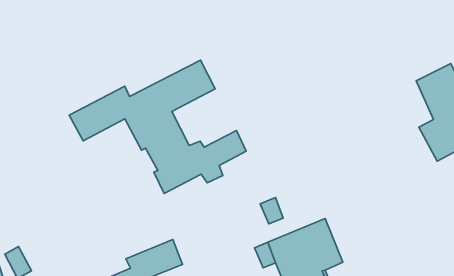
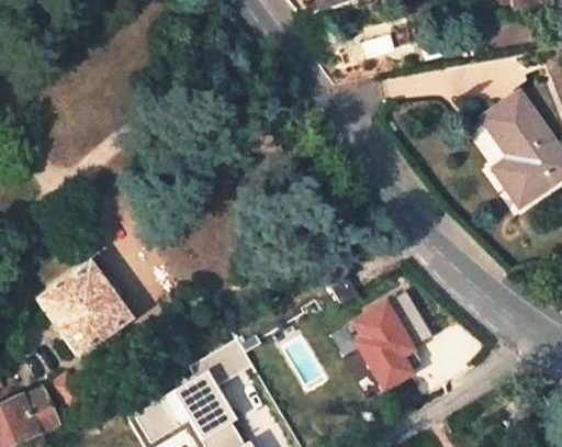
building: [69,60,246,194] -> none
building: none -> [41,262,130,355]

